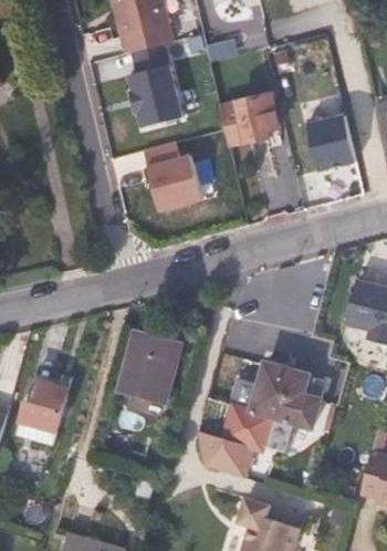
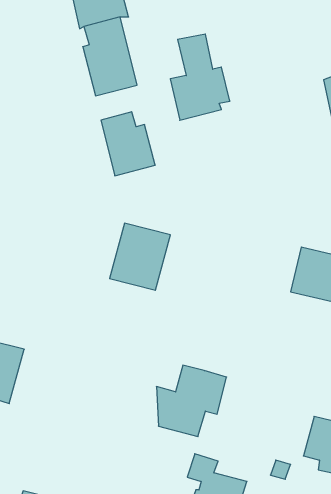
building: [310,112,359,167] -> none
building: [116,332,179,402] -> [110,223,170,290]
building: [253,357,326,429] -> none

